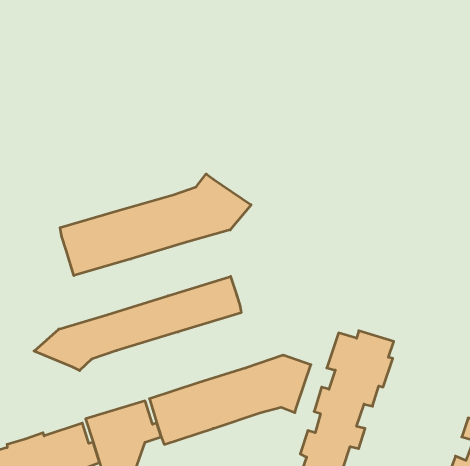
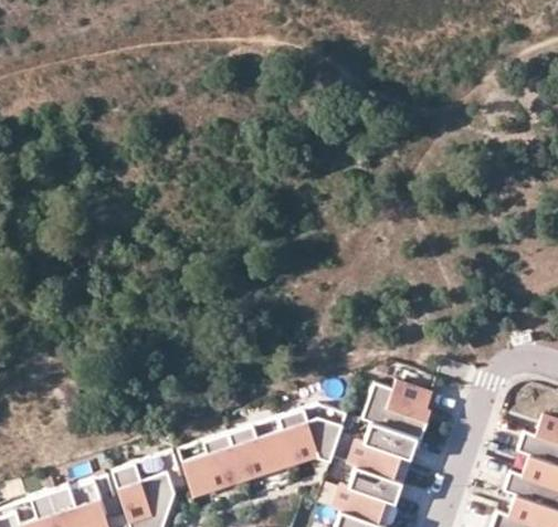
building: [60,174,251,276] -> none
building: [34,276,241,371] -> none

